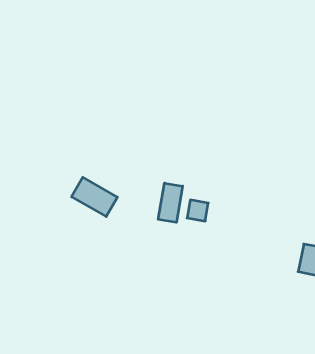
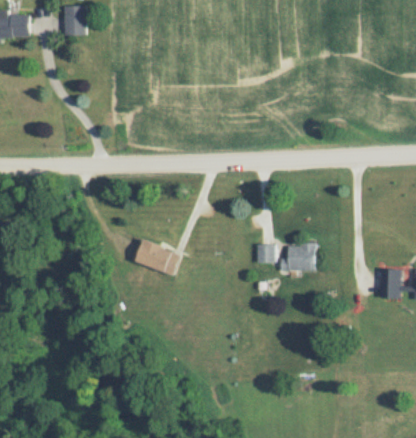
building: [158,183,183,222] -> none
building: none -> [284,244,315,271]

